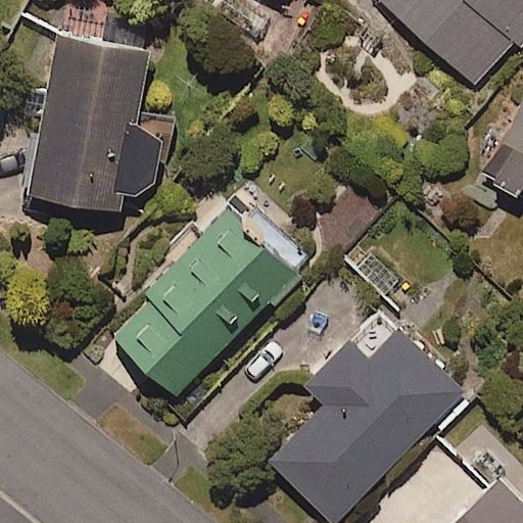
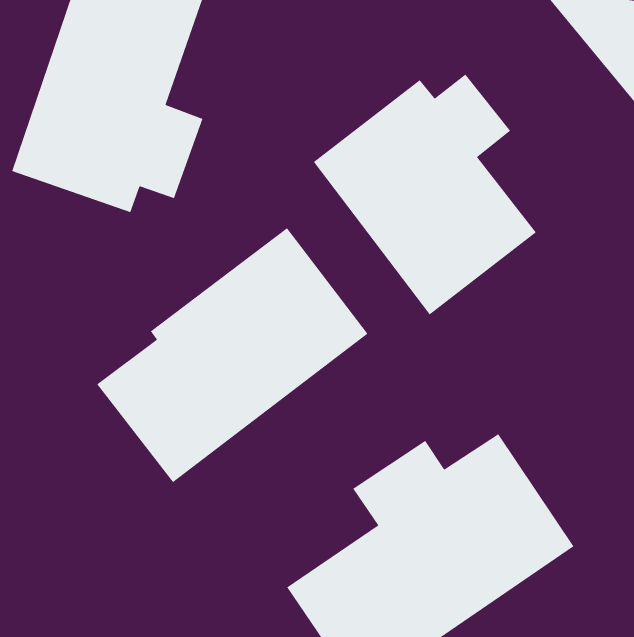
building: none -> [313,73,537,315]

